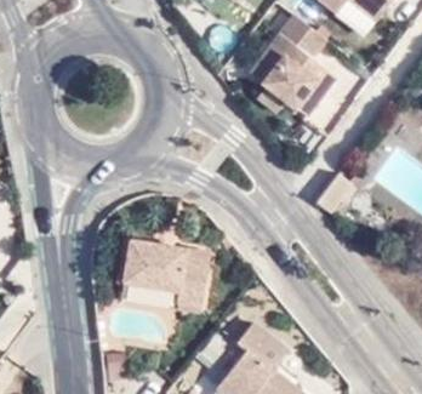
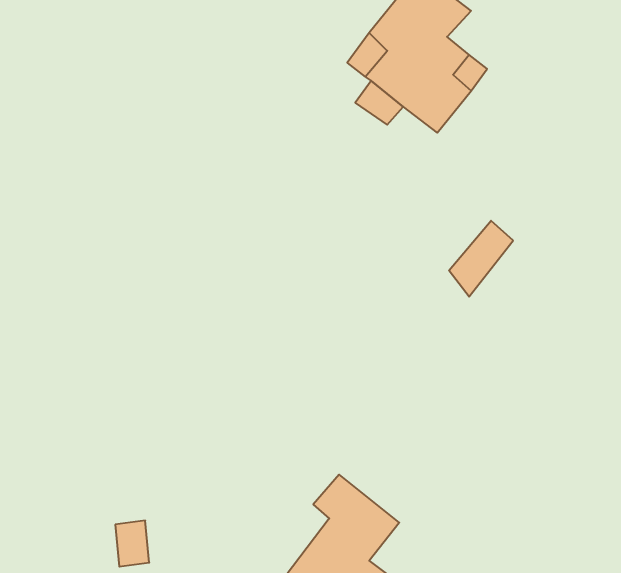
building: [113,239,196,304] -> none

